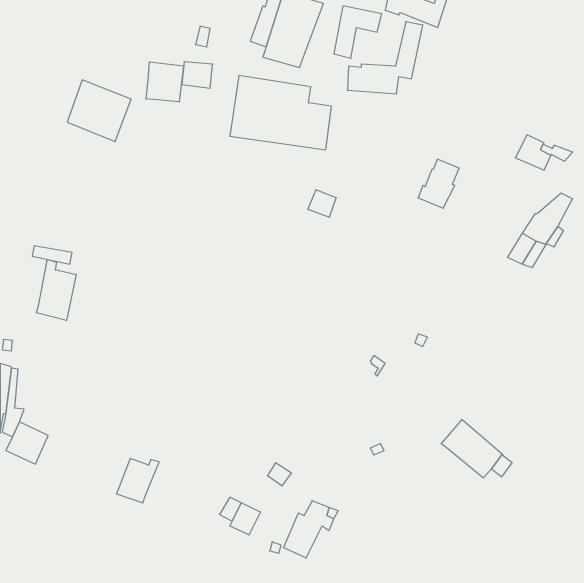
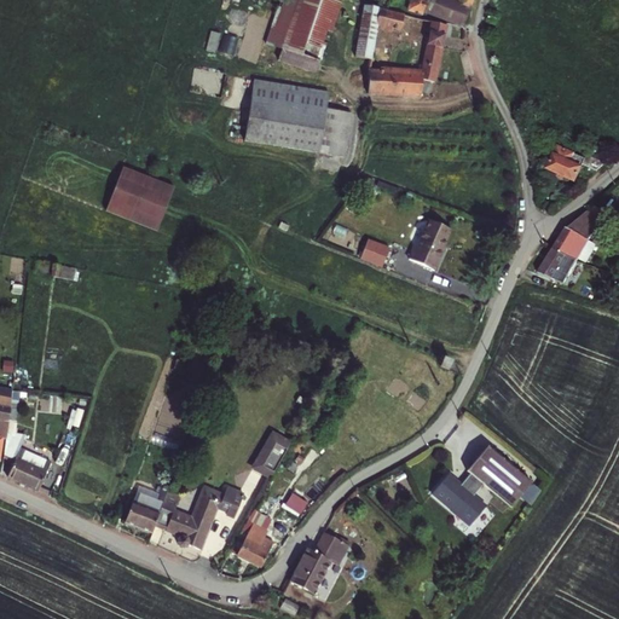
building: [146,62,184,102] -> none
building: [67,80,131,142] -> [106,164,174,230]
building: [418,159,459,208] -> [407,218,451,270]
building: [308,190,336,217] -> [359,237,389,266]
building: [37,259,76,321] -> none
building: none -> [251,435,289,479]
building: none -> [430,472,486,526]
building: none -> [154,484,243,549]

